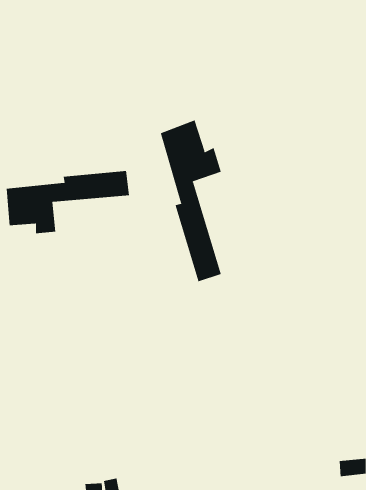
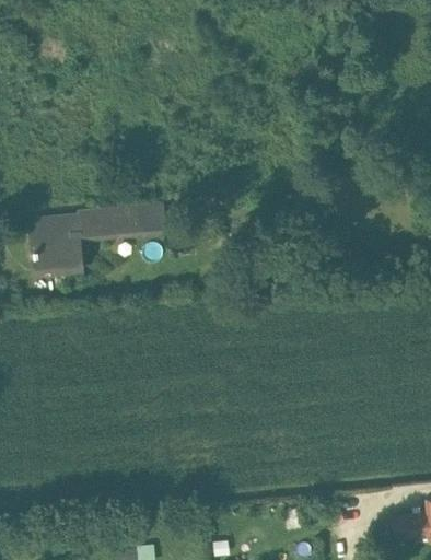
building: [160,120,222,282] -> none

